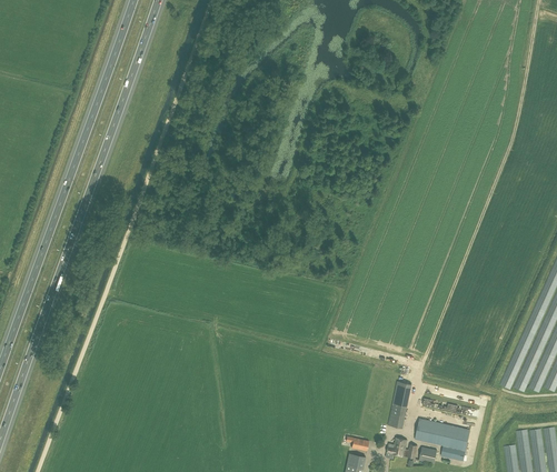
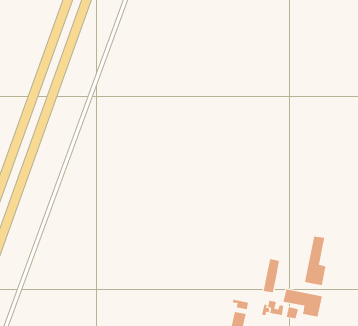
building: none -> [305,236,326,286]

